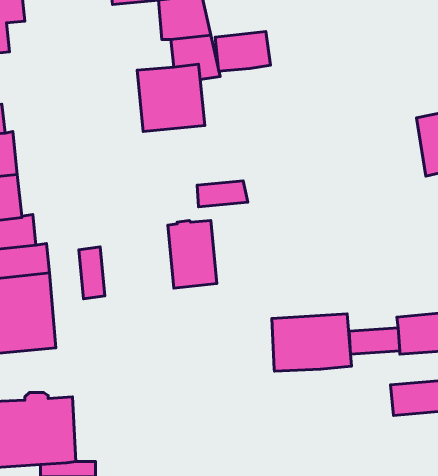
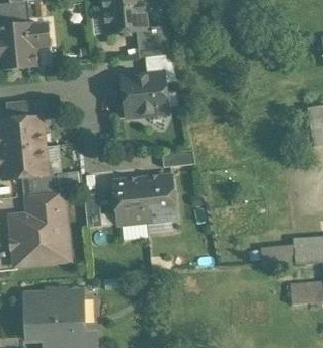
building: [215,31,271,71] -> none
building: none -> [114,177,147,223]
building: [272,314,352,371] -> none

